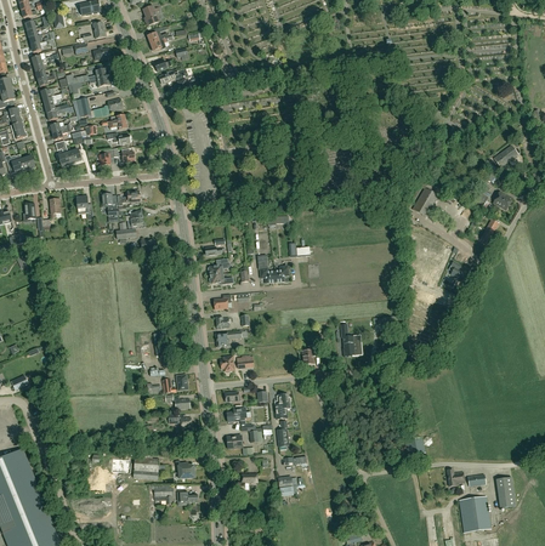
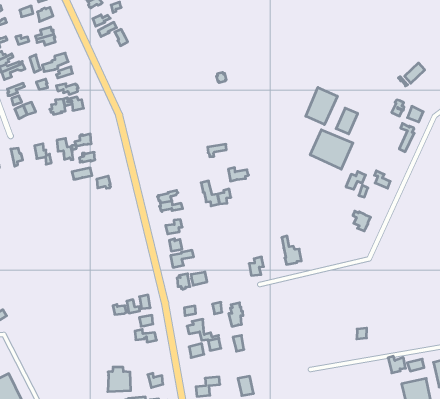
building: none -> [306,87,337,125]
building: none -> [310,130,353,169]

